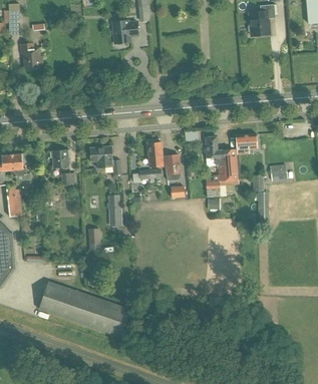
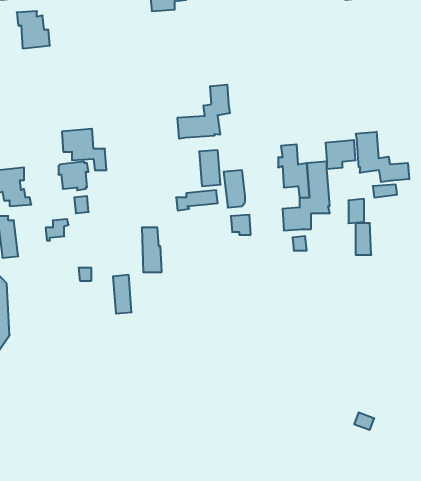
building: none -> [178,85,230,139]
building: none -> [356,132,409,182]
building: [89,145,120,174] -> [62,129,106,170]
building: [37,281,129,337] -> none

